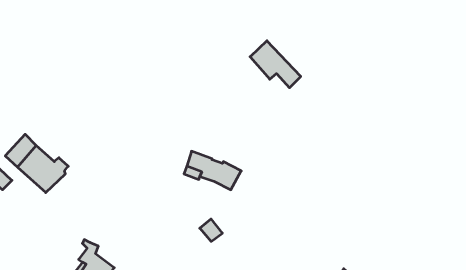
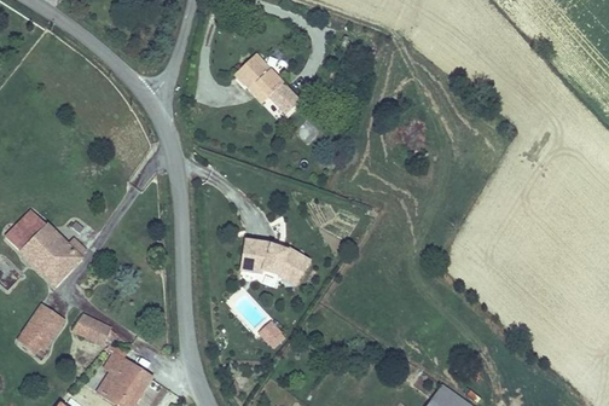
building: [250,41,301,88] -> [230,57,295,117]
building: none -> [14,298,62,347]
building: none -> [69,311,112,344]

